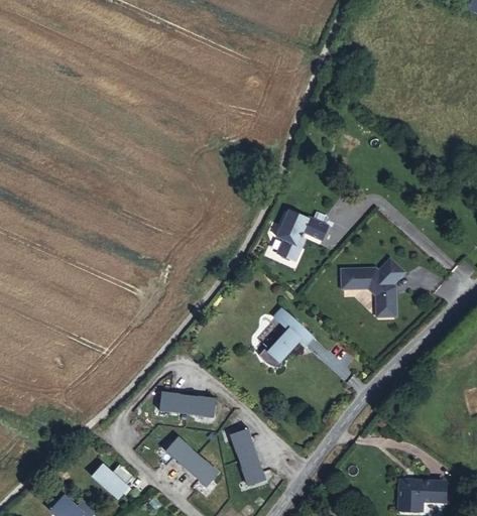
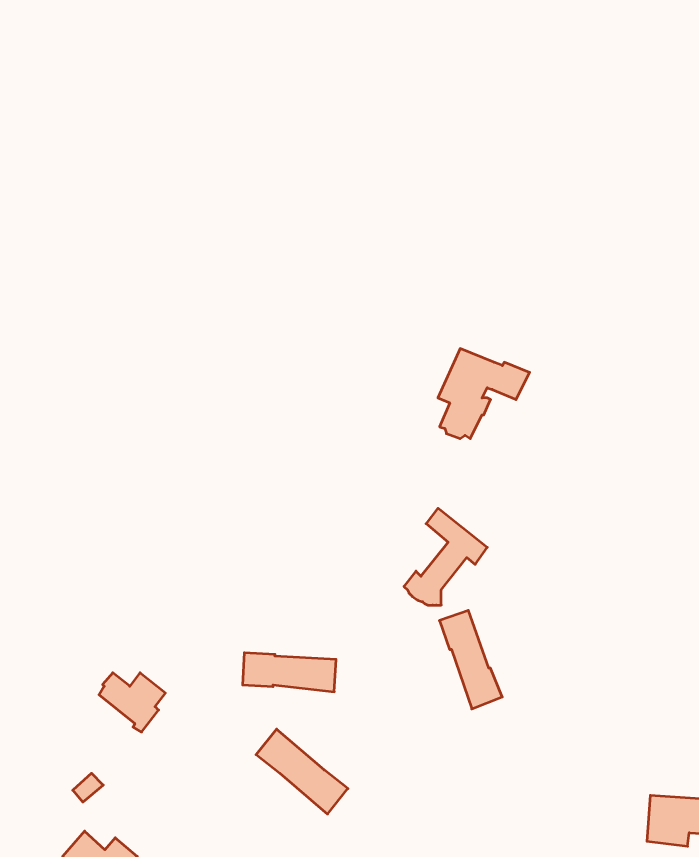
building: [341,257,406,317] -> none
building: [231,428,268,487] -> [439,610,502,709]
building: [91,467,130,502] -> [99,673,165,732]

